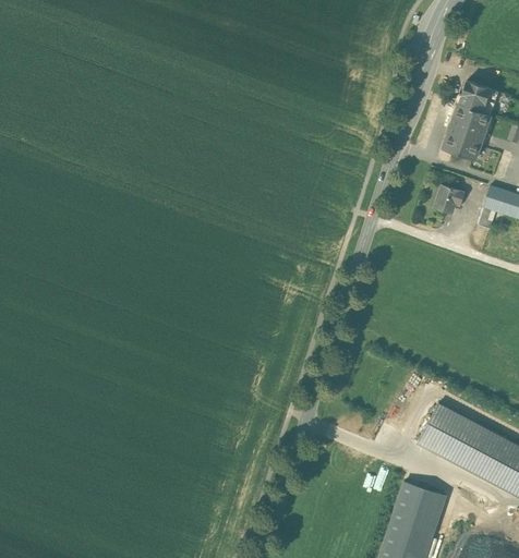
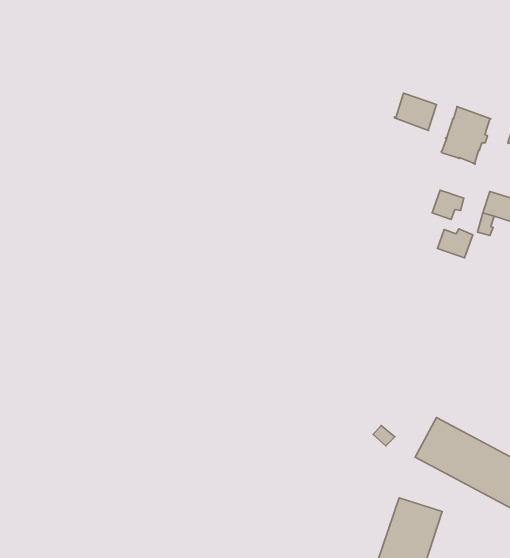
building: [459,81,499,117] -> [395,93,436,130]
building: none -> [438,229,473,258]

